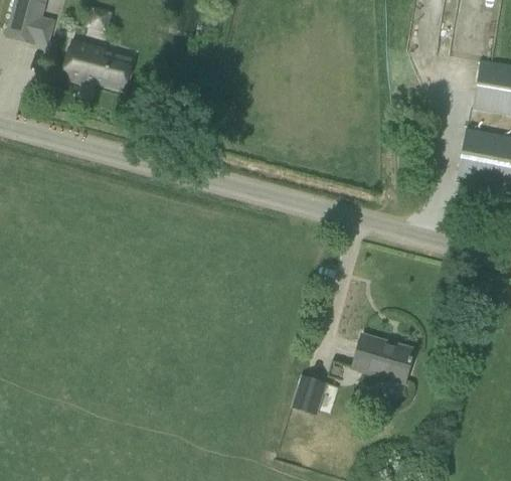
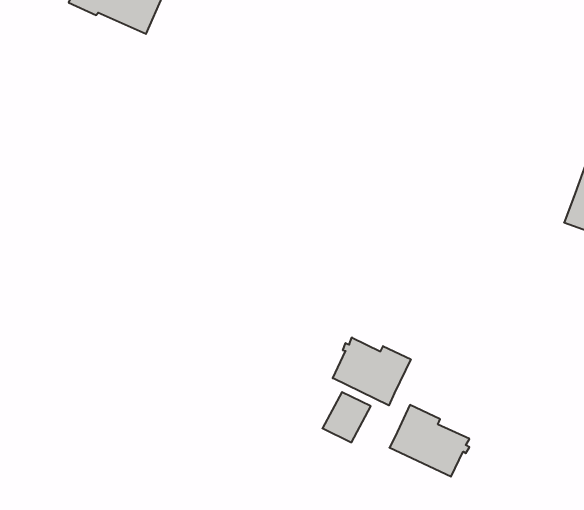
building: none -> [333,337,411,405]
building: [295,376,328,413] -> [322,392,371,442]

